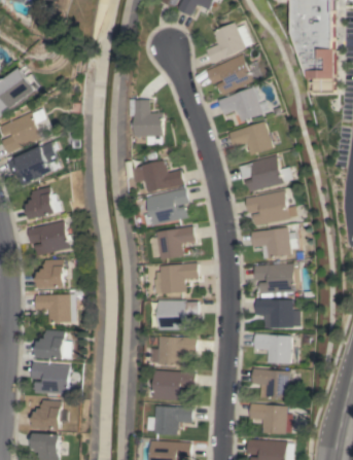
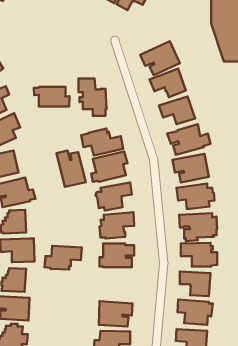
building: [205,22,251,63] -> none
building: none -> [34,87,70,106]
building: none -> [57,150,86,187]
building: [151,335,197,364] -> [45,246,82,270]

